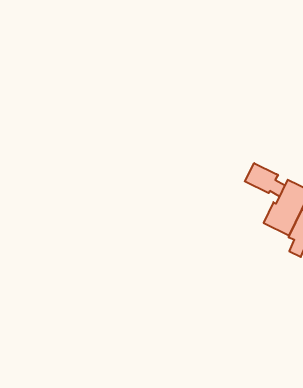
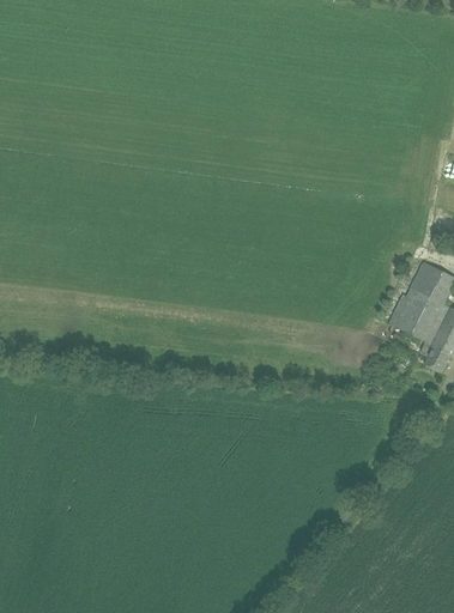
building: [245,163,285,196] -> none

